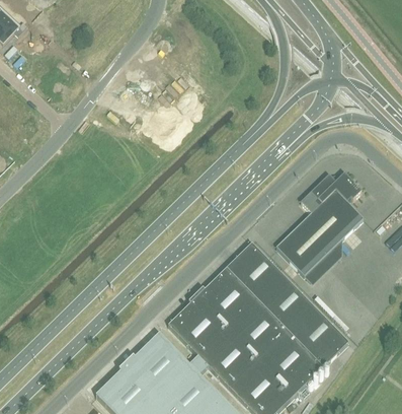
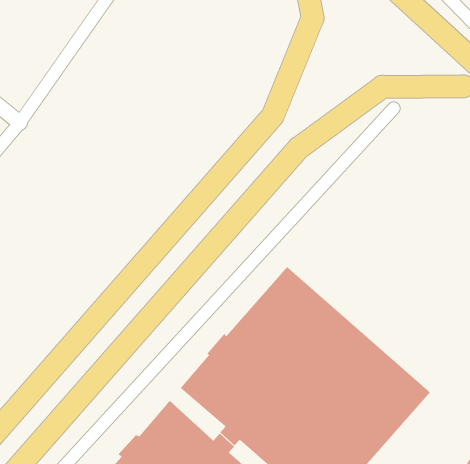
building: [275,174,363,277] -> none

